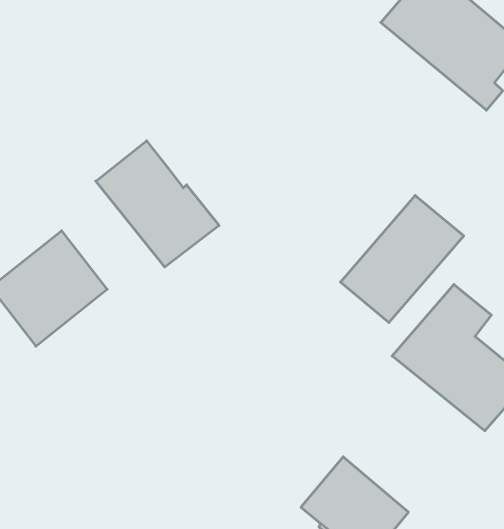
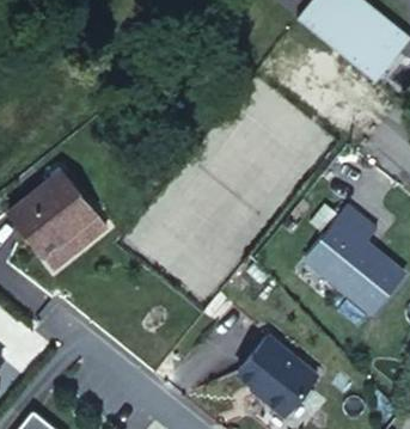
building: [96,141,219,267] -> none
building: [340,195,464,323] -> none

